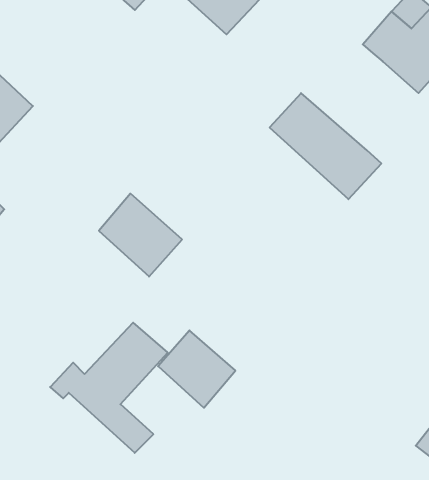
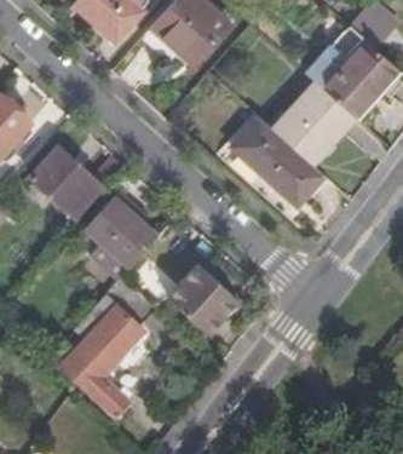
building: none -> [274,79,356,161]
building: none -> [29,146,100,218]
building: [158,330,235,408] -> [172,266,237,332]

